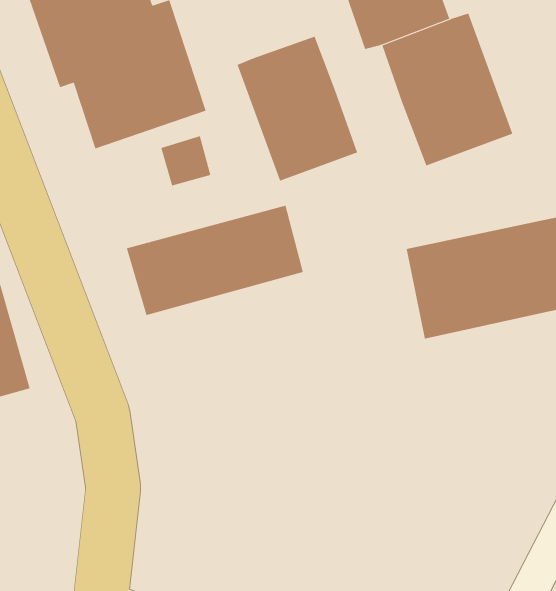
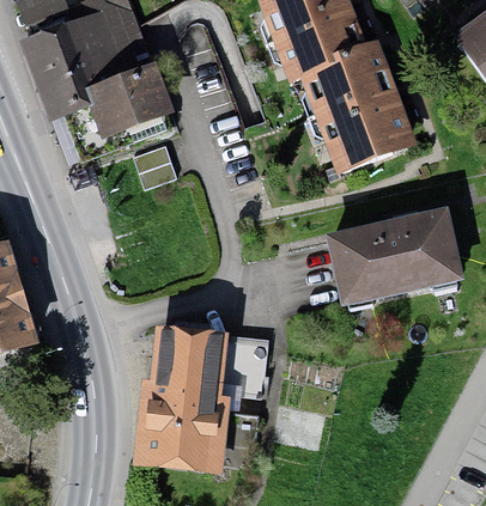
building: [237,36,358,181] -> none
building: [126,205,304,316] -> none
building: none -> [148,333,268,461]

